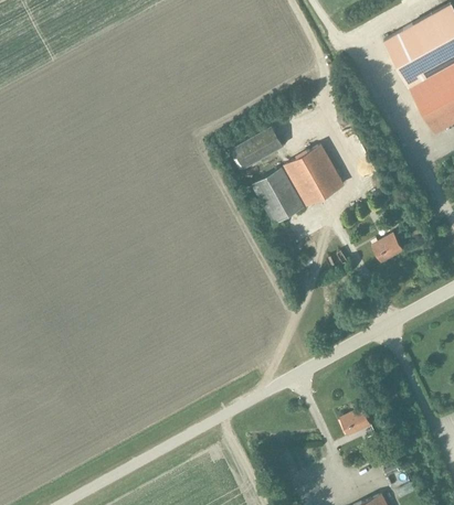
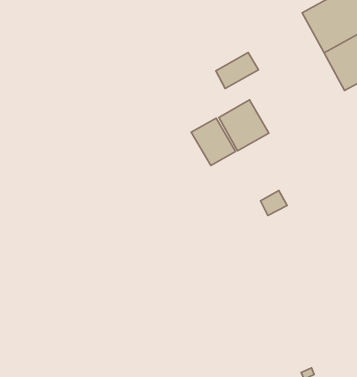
building: [233,126,284,169] -> [216,52,258,88]
building: [371,234,403,264] -> [260,191,287,216]
building: [339,408,370,437] -> none

